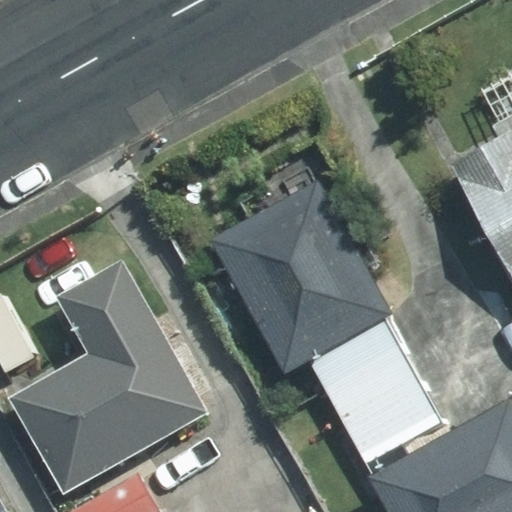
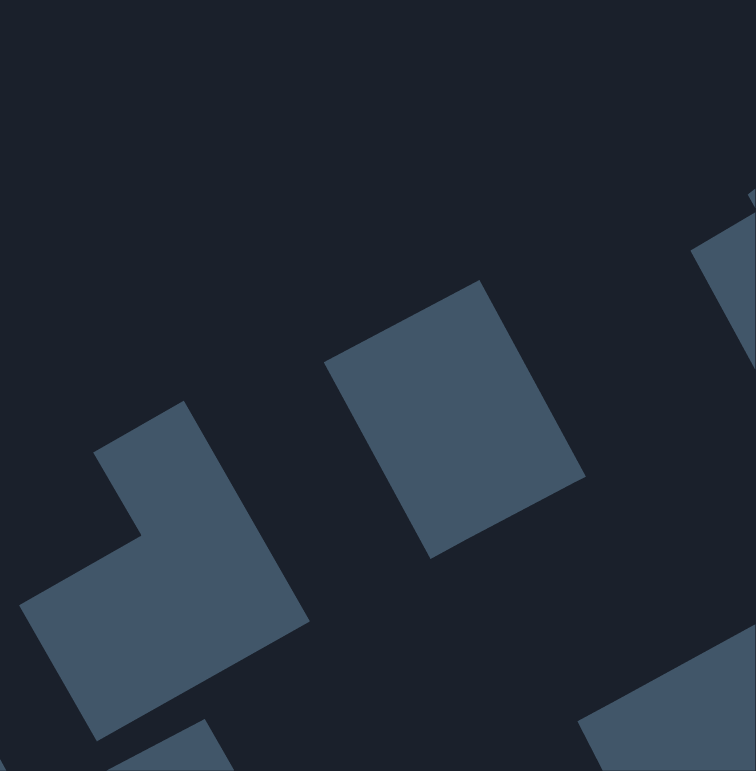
building: [309,320,436,481] -> none

